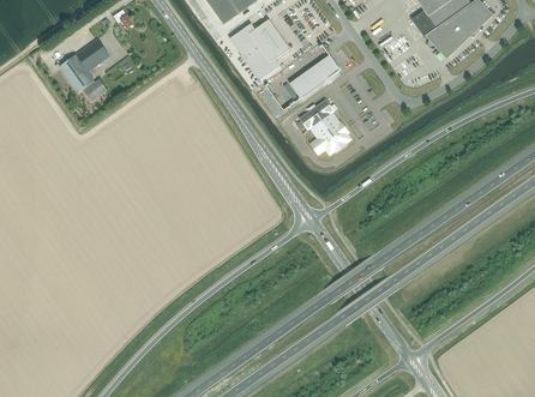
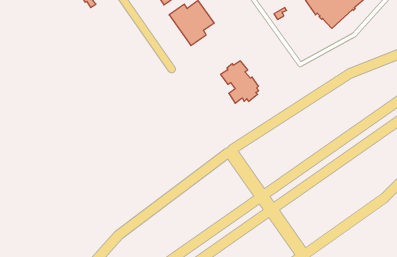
building: [59,37,109,100] -> none
building: [289,55,341,97] -> none

